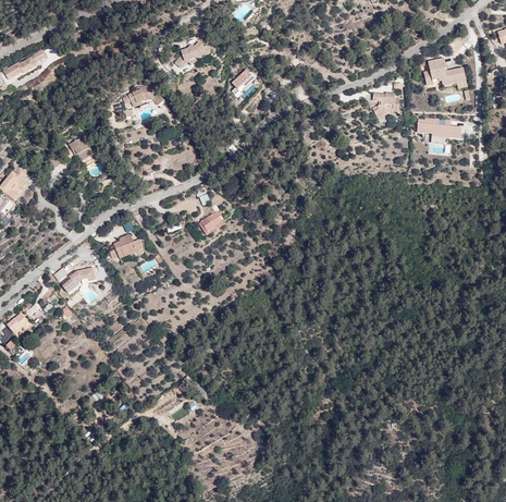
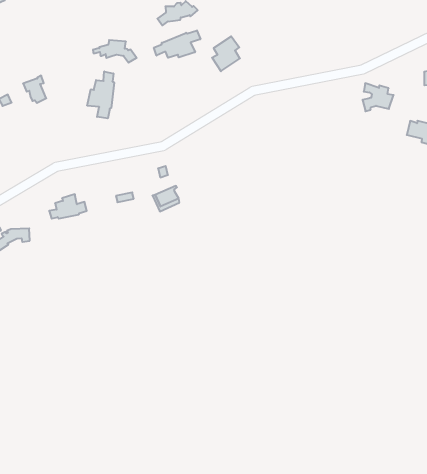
building: none -> [154,30,200,58]
building: none -> [87,71,114,118]

